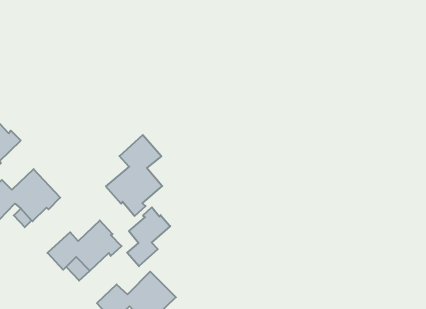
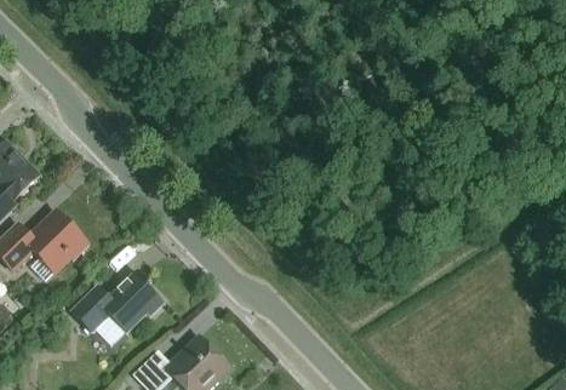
building: [106,135,162,216] -> none
building: [127,207,170,266] -> none

